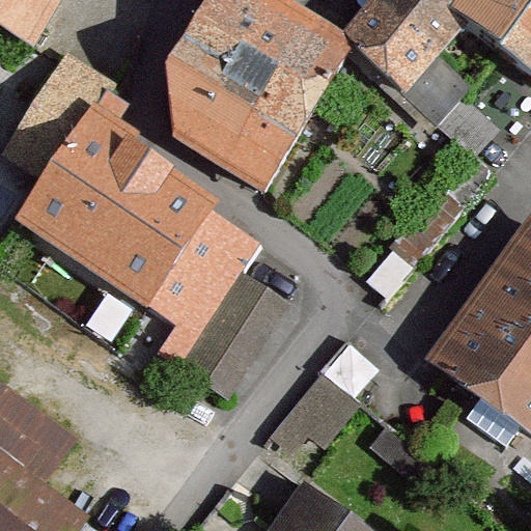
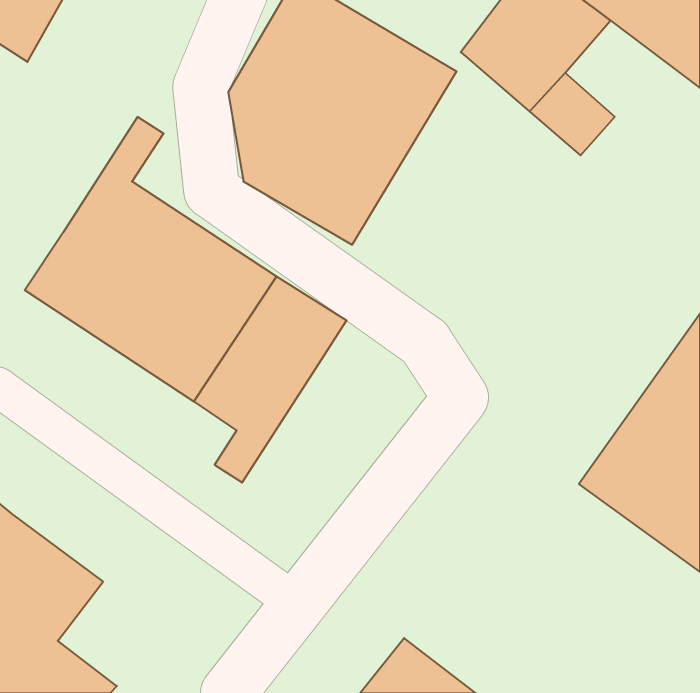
building: [6,55,108,175] -> none
building: [183,274,281,390] -> none
building: [274,373,357,459] -> none

